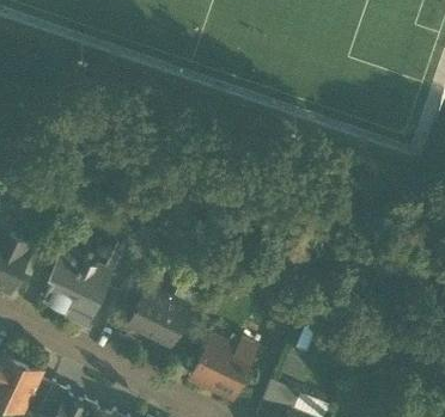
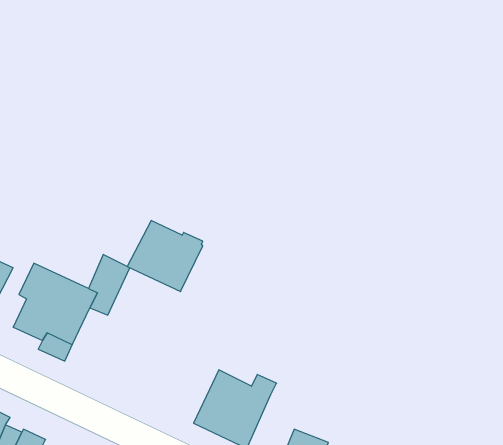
building: [127,288,188,345] -> [127,221,203,292]

